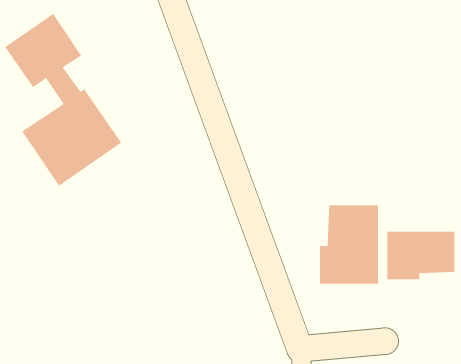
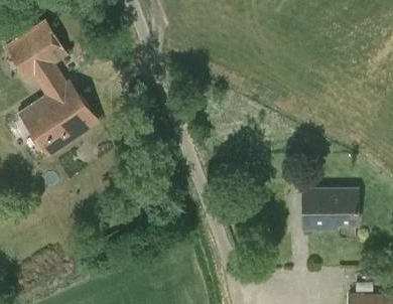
building: [319,204,379,285] -> none

